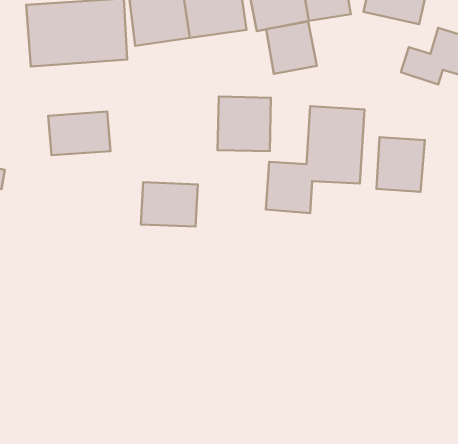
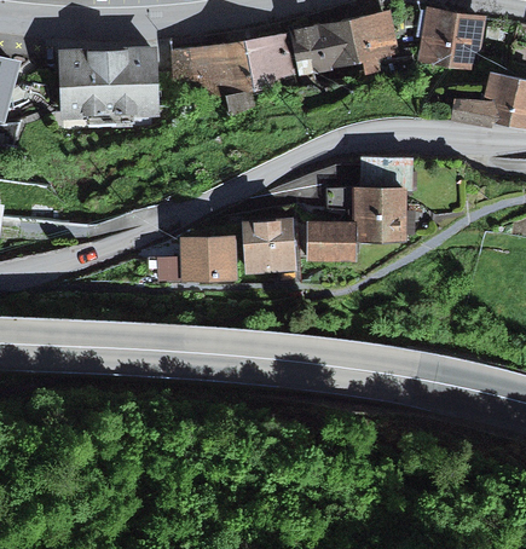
building: [266,21,317,74] -> none
building: [218,97,271,151] -> [242,218,299,276]
building: [48,112,110,155] -> none
building: [377,137,425,192] -> none

